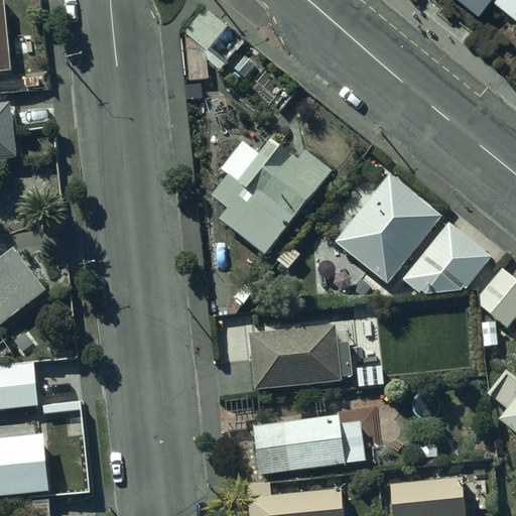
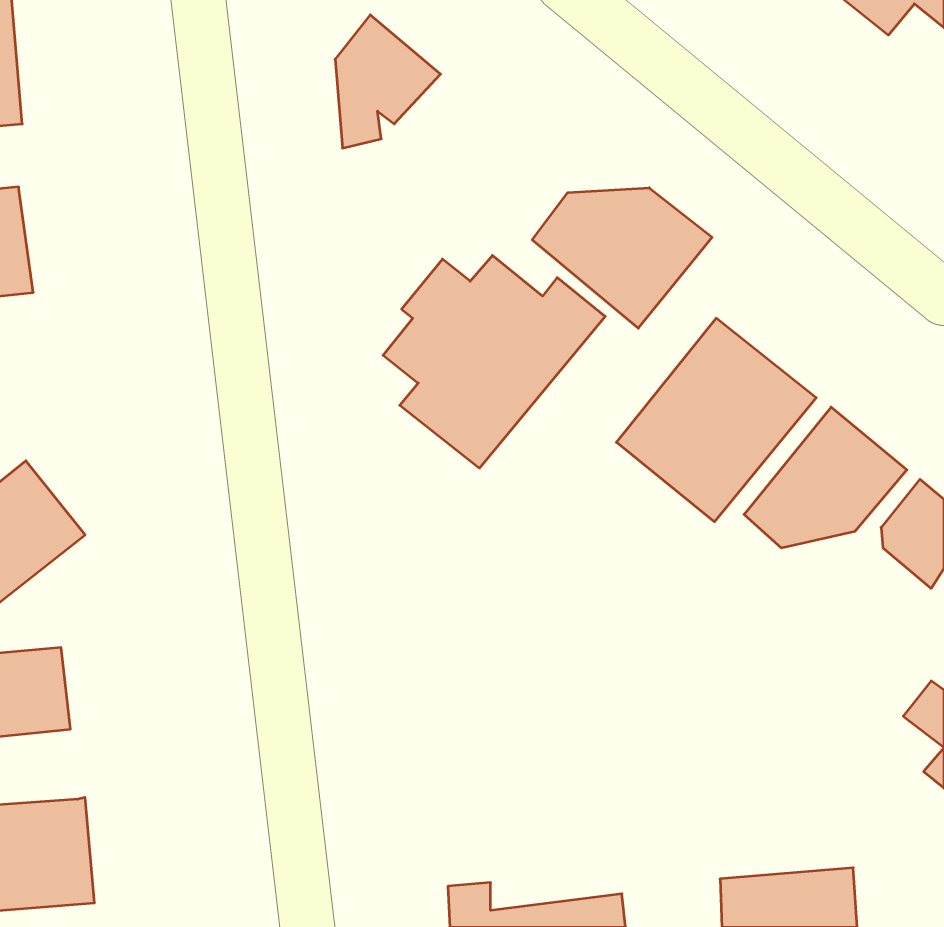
building: none -> [532,188,712,328]
building: [246,324,341,392] -> none
building: [252,413,347,476] -> none

